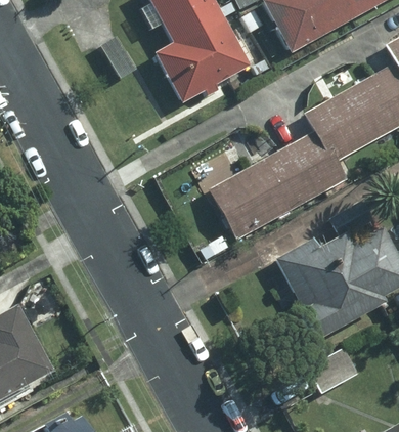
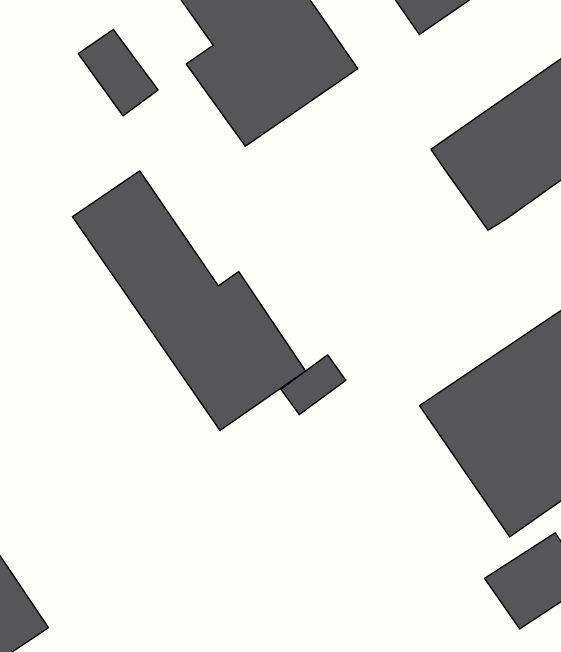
building: none -> [72,171,306,431]
building: [205,132,342,237] -> none

